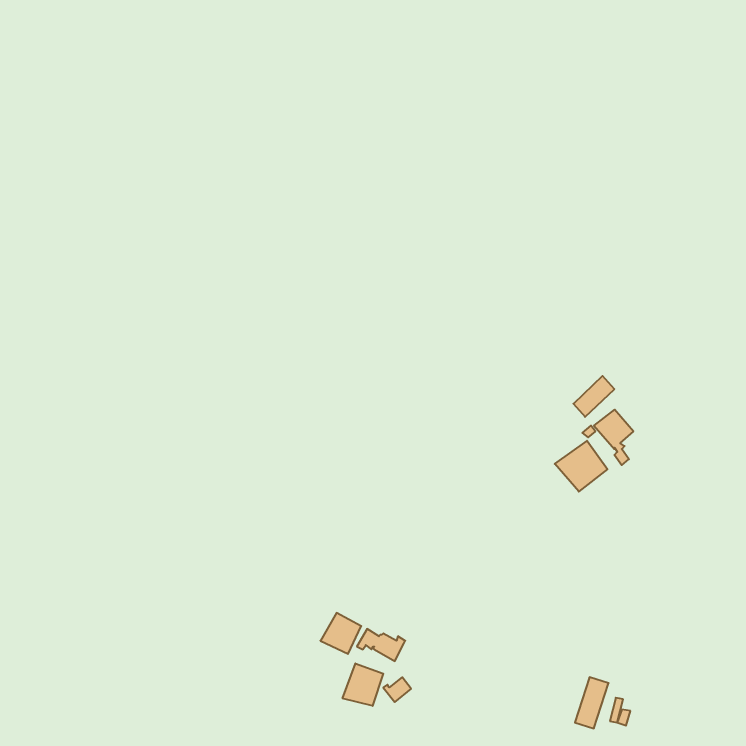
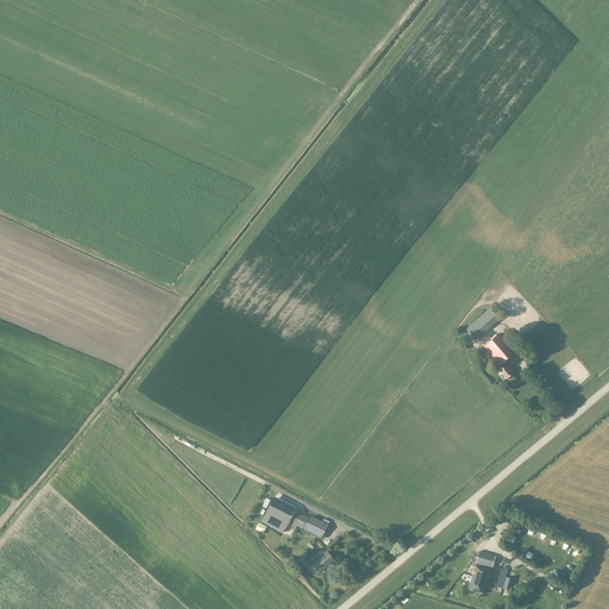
building: [555,441,607,492] -> none
building: [343,663,383,706] -> none

